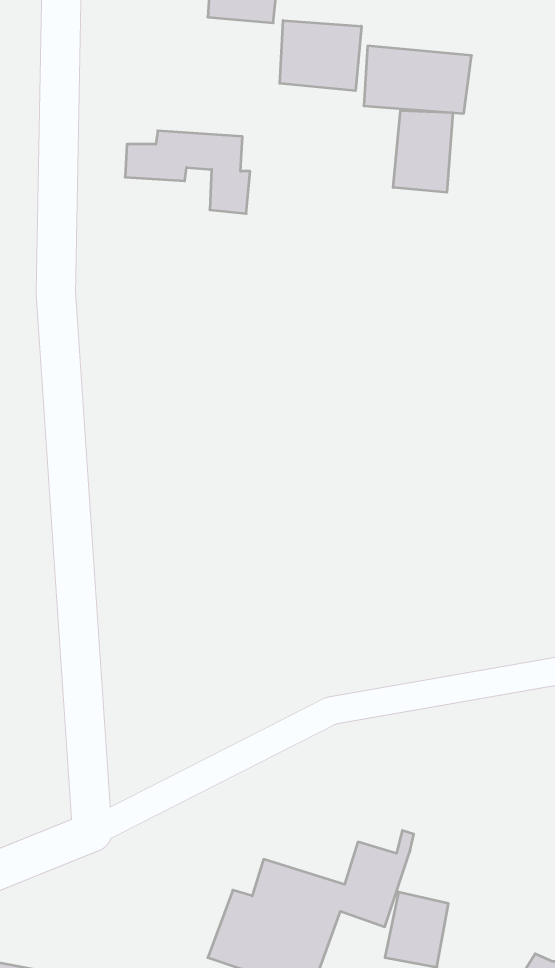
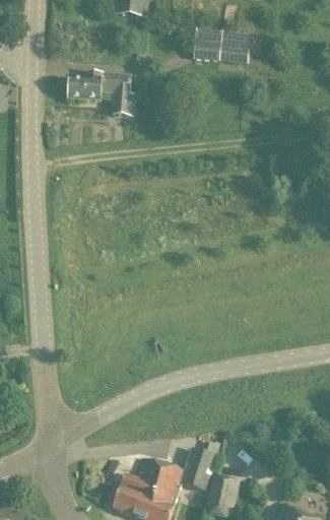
building: [280,20,361,91] -> none
building: [393,110,453,192] -> none

